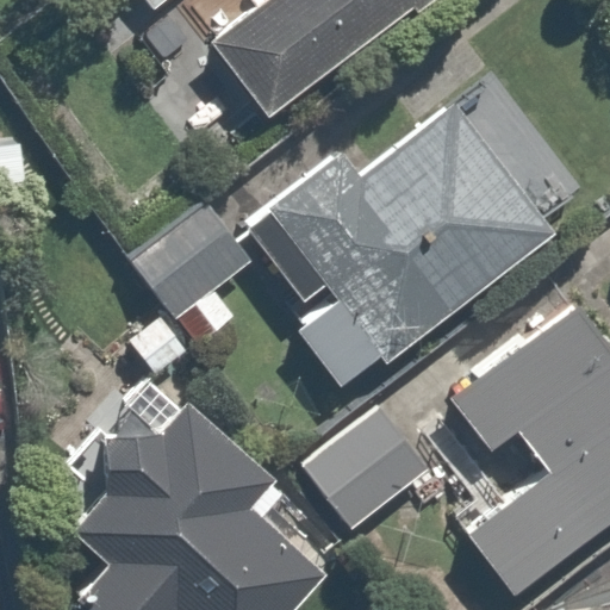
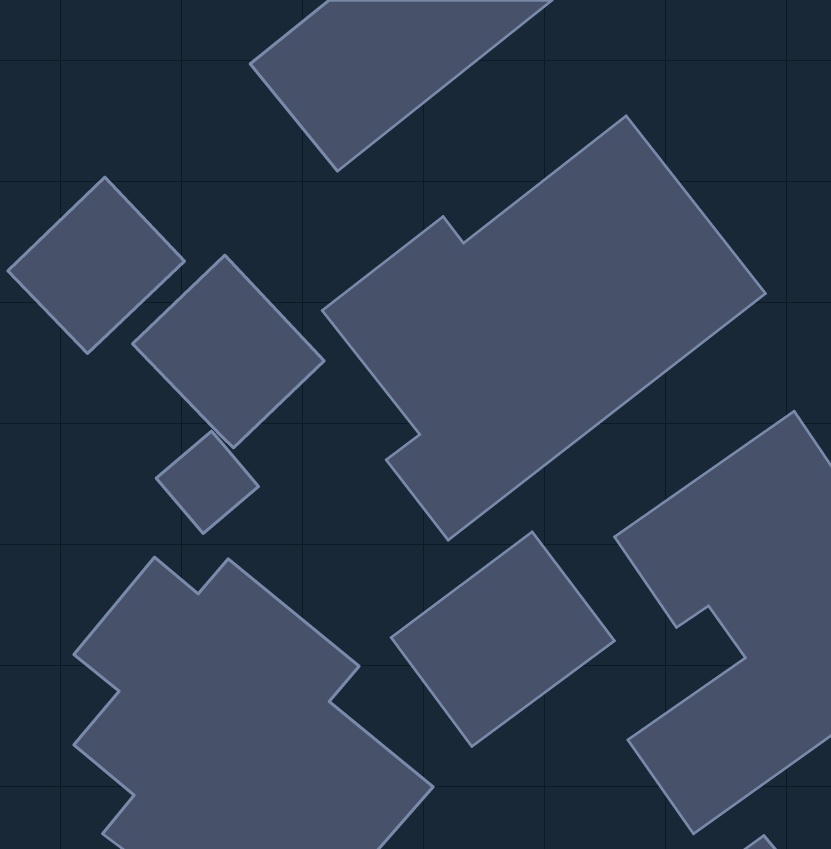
building: none -> [8,177,185,353]

